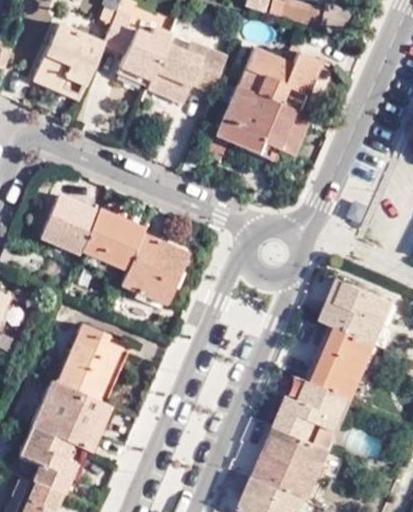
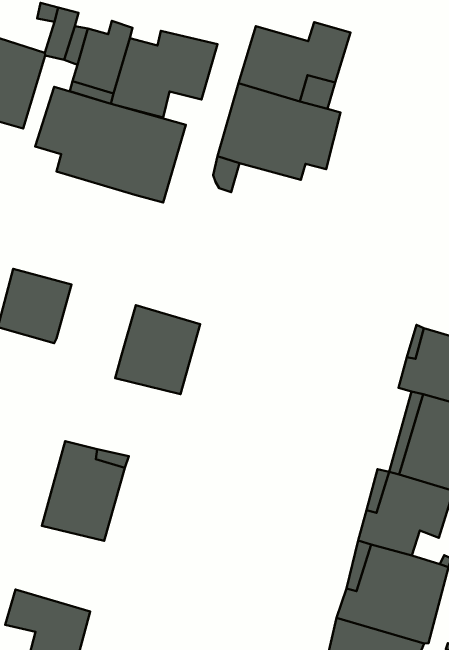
building: none -> [35,87,186,203]
building: [82,209,145,270] -> none
building: [28,379,108,451] -> none

